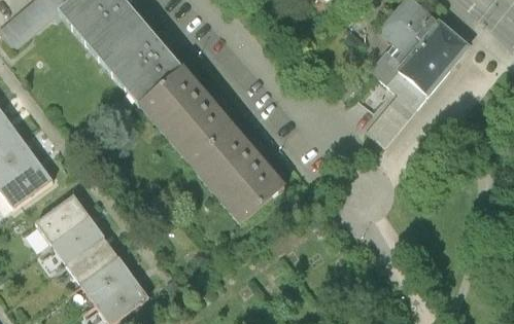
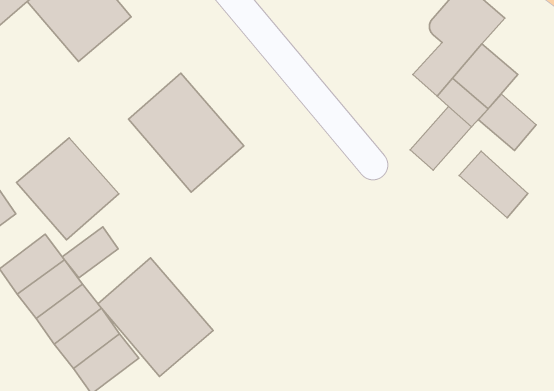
building: [100,21,182,103] -> [17,138,119,240]
building: [424,22,471,67] -> [479,94,536,150]
building: [191,124,283,220] -> [98,258,213,377]
building: none -> [459,151,528,218]
building: none -> [62,227,118,278]

